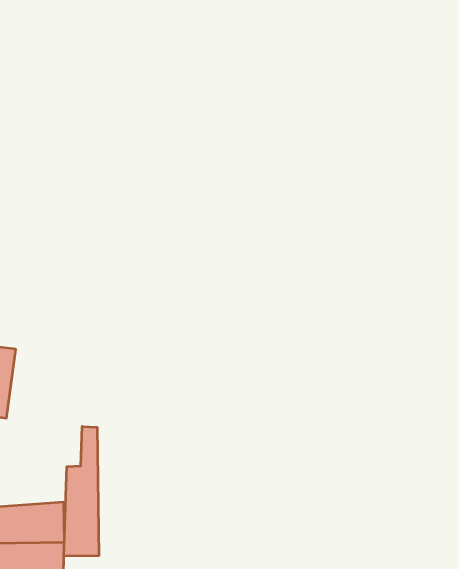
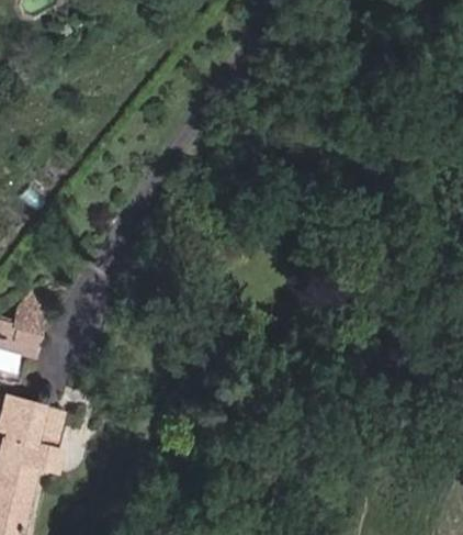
building: [64,426,99,556] -> none

